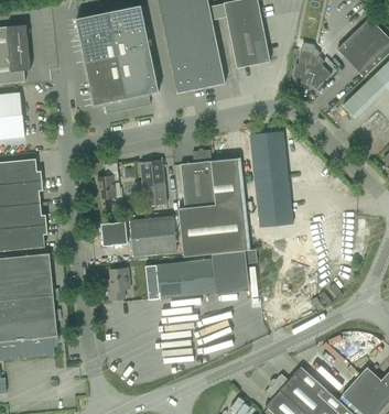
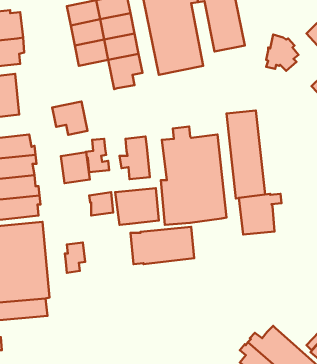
building: [89,77,128,113] -> [52,102,87,135]
building: none -> [61,152,90,183]
building: [210,250,257,294] -> [239,194,281,234]
building: [108,268,130,301] -> [65,242,85,273]

